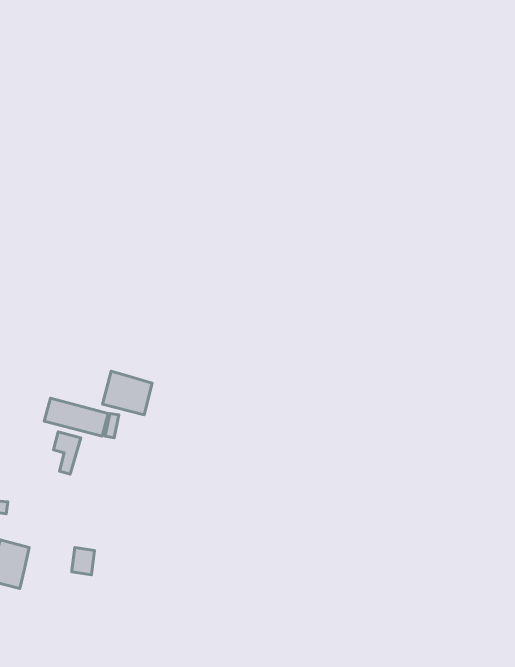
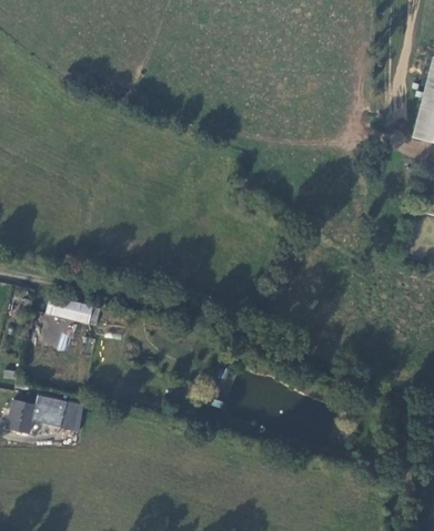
building: [102,371,152,415] -> none
building: none -> [33,396,68,428]

